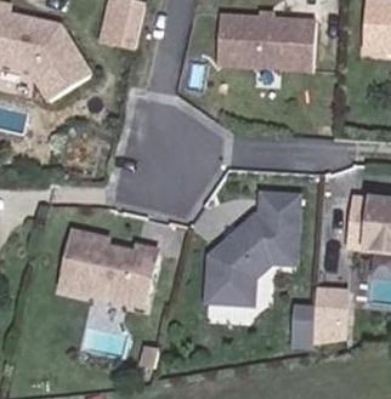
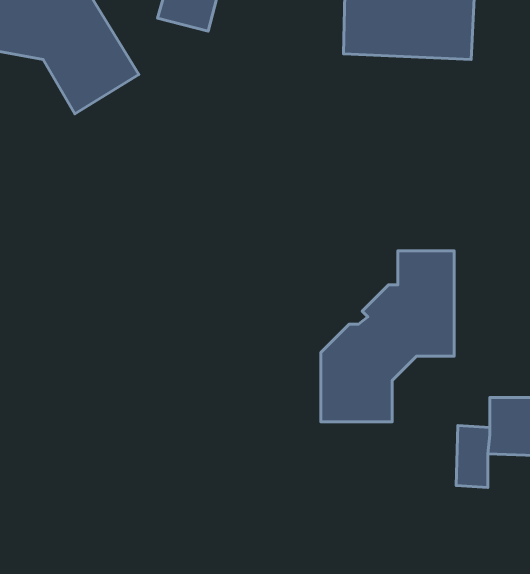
building: [58,229,159,310] -> none

